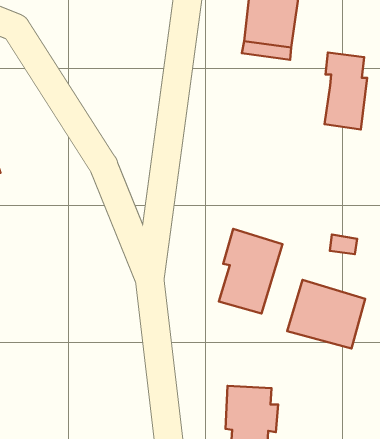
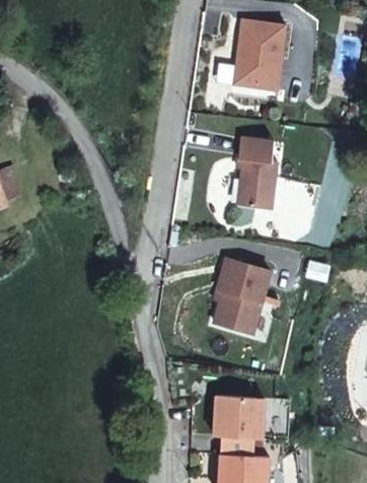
building: [325,53,367,130] -> [236,134,276,205]
building: [287,280,365,348] -> none

